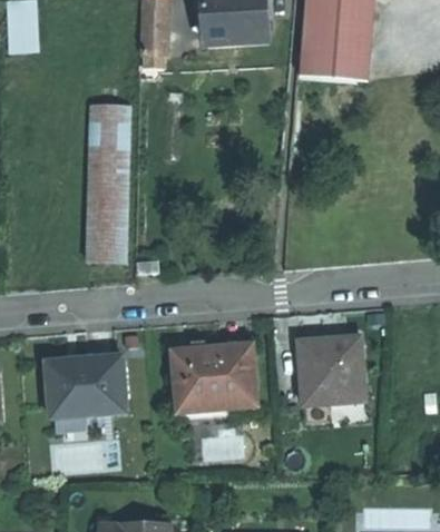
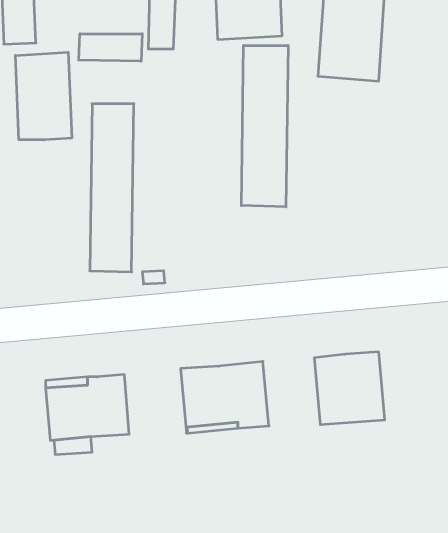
building: none -> [79,34,142,61]
building: none -> [241,45,288,207]
building: none -> [15,52,72,140]

